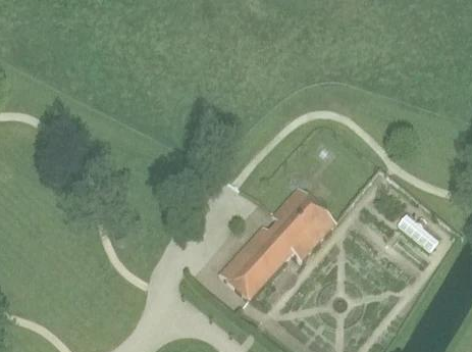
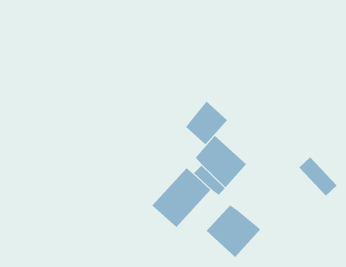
building: none -> [186,101,228,145]
building: none -> [206,205,261,258]

